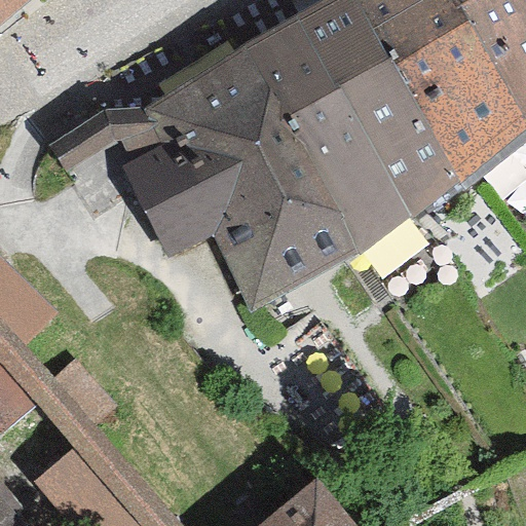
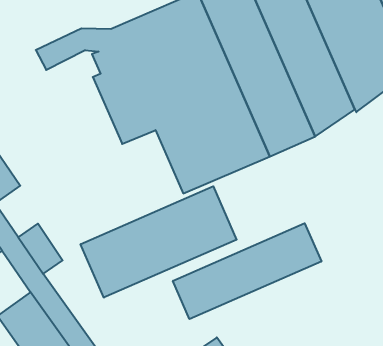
building: none -> [81,186,237,298]
building: none -> [173,223,321,319]

